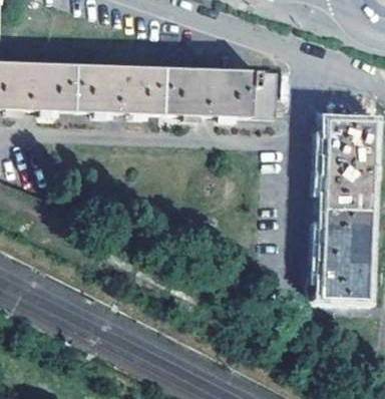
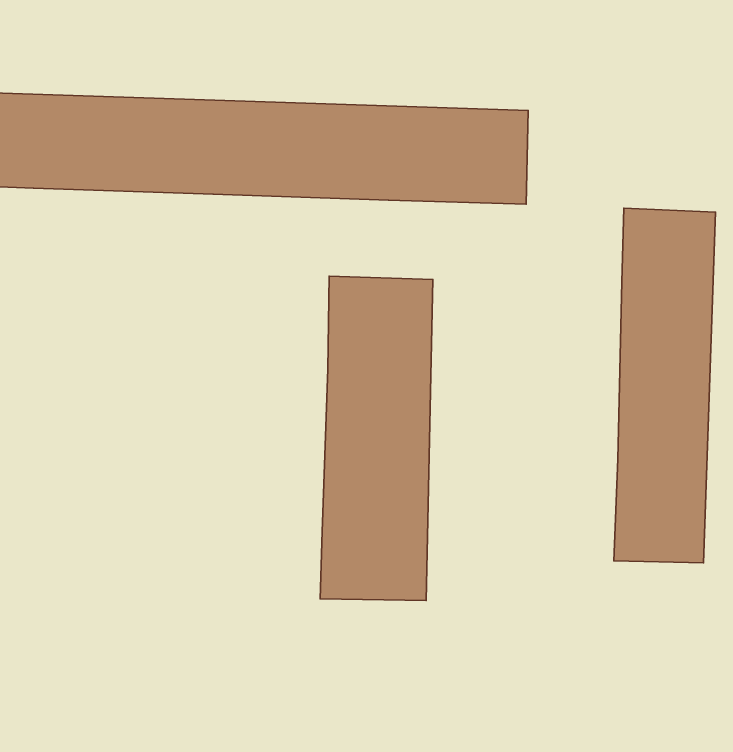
building: none -> [320,276,433,601]

